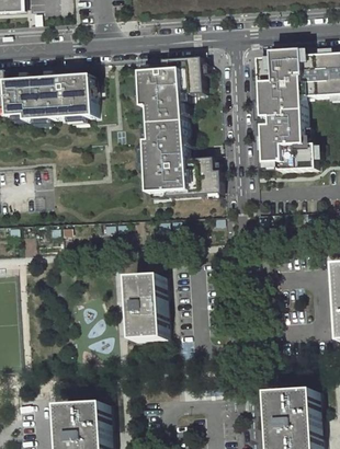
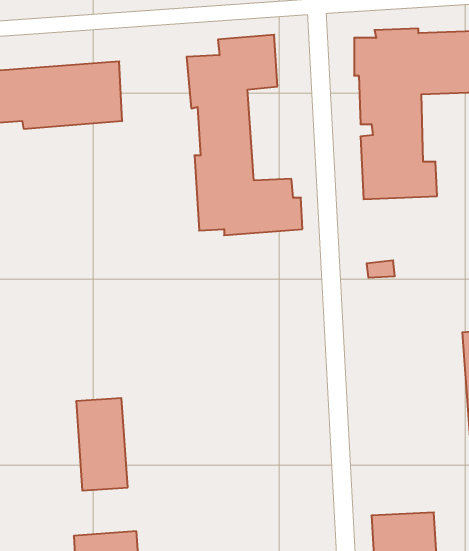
building: [124,274,160,338] -> [76,398,128,491]

